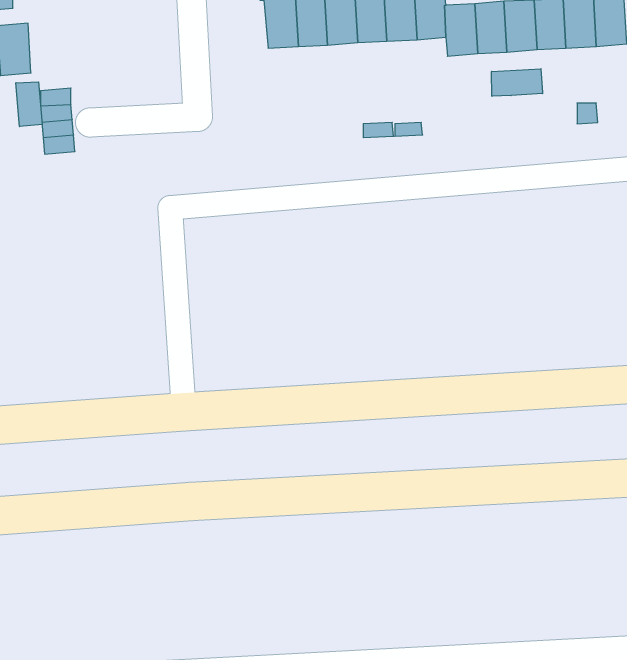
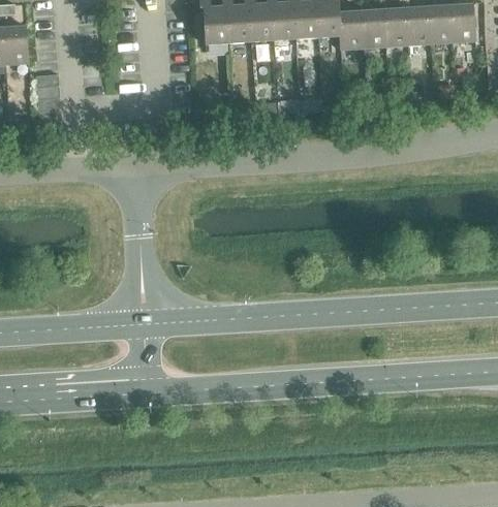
building: [492,69,543,96] -> none
building: [16,82,42,127] -> none

